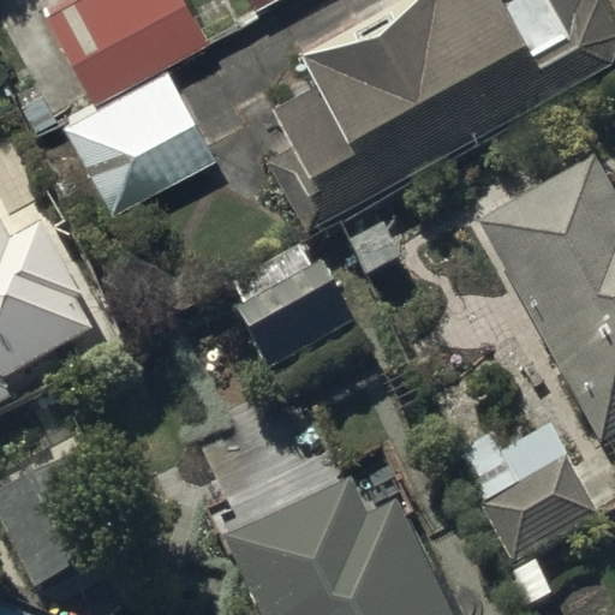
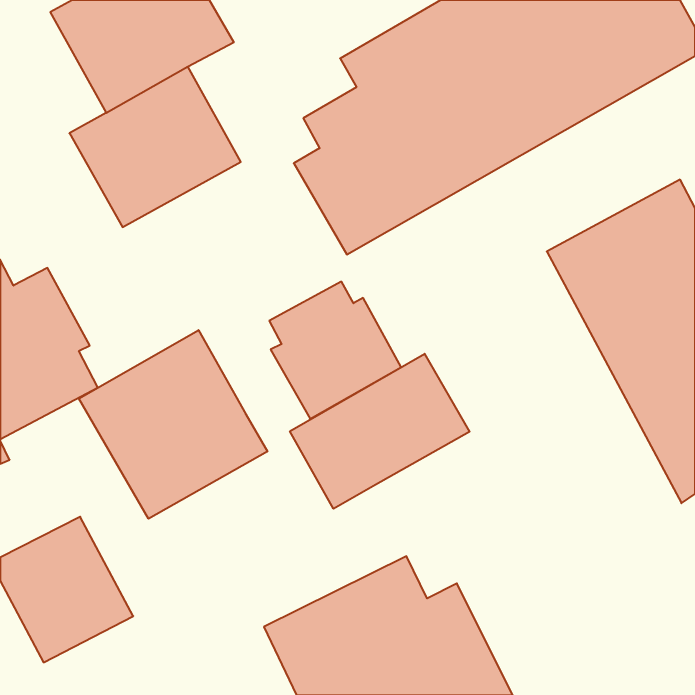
building: none -> [79,330,267,519]
building: none -> [290,354,470,509]
building: [460,428,601,566] -> none

